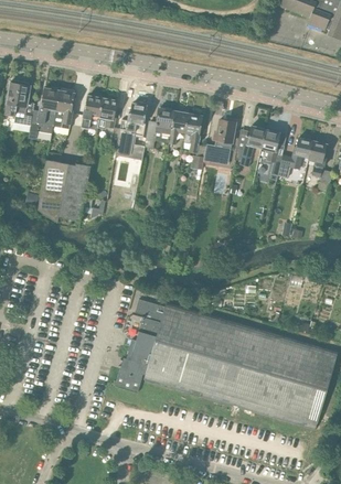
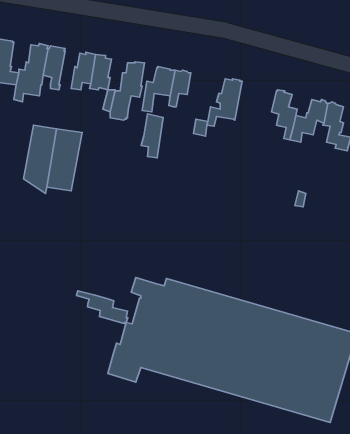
building: [183,112,203,152] -> [141,114,163,158]
building: [235,125,266,160] -> none
building: none -> [76,291,128,323]

